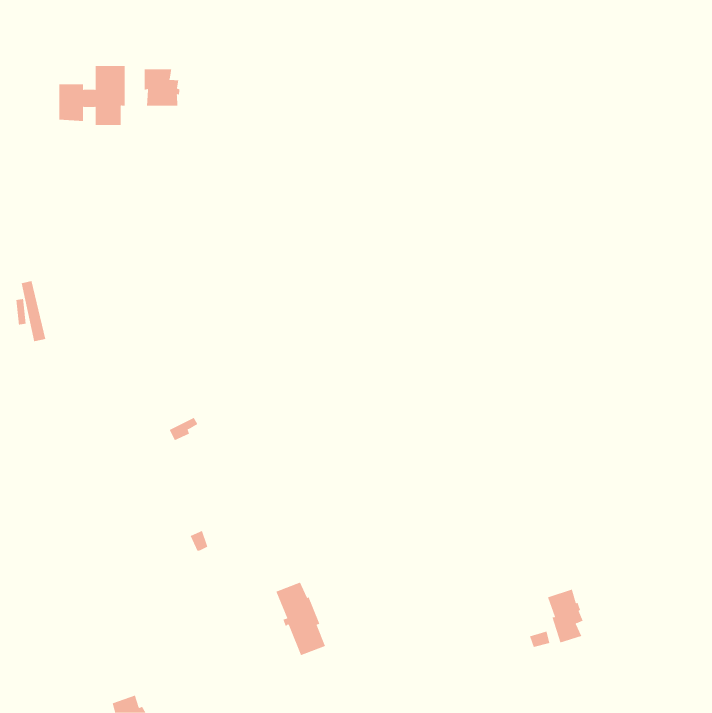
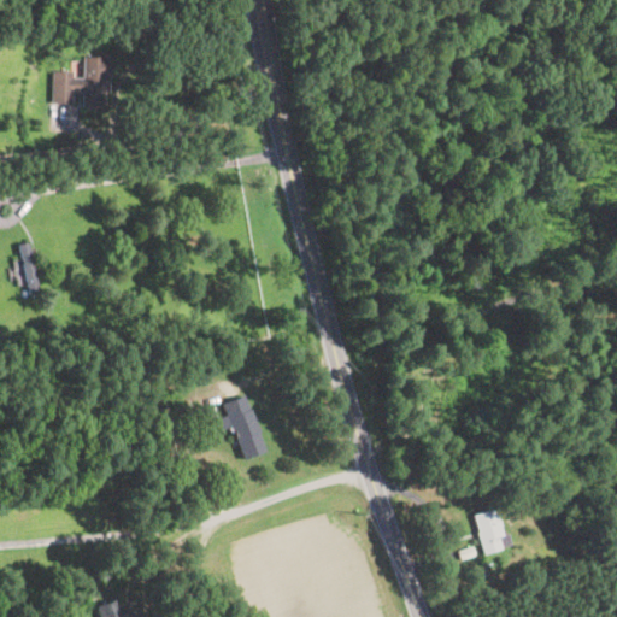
building: [144,69,180,106] -> none
building: [275,582,326,656] -> [223,396,266,460]

